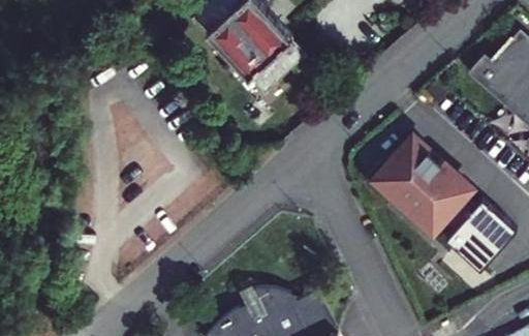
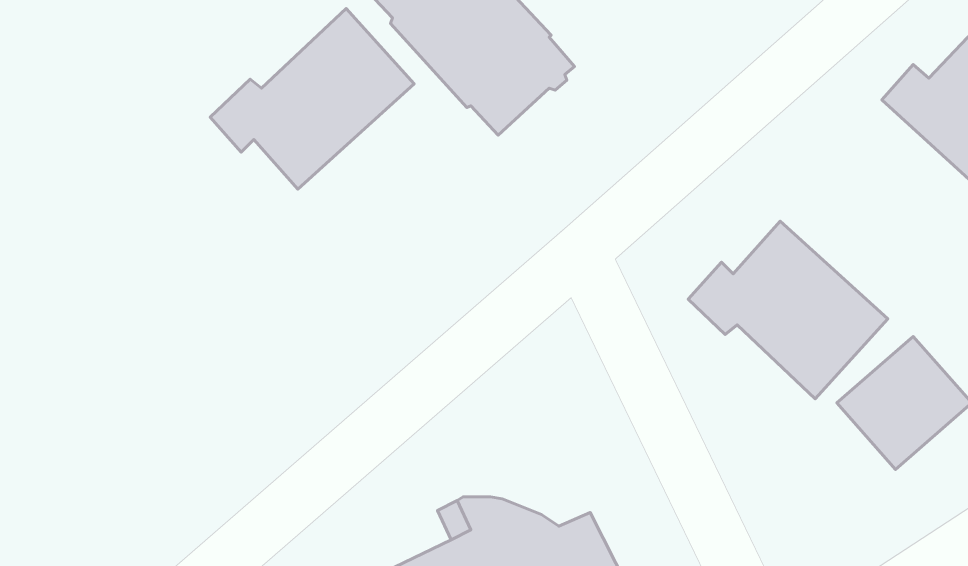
building: none -> [210,9,414,189]

